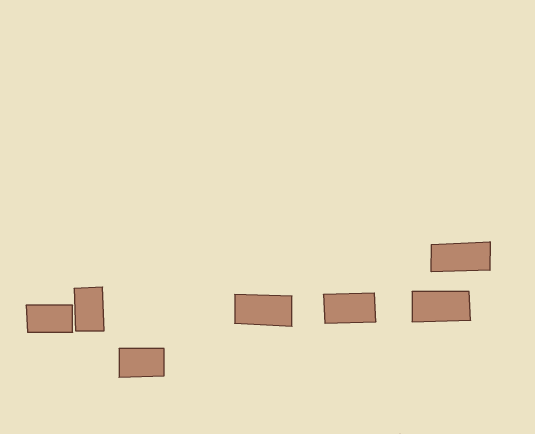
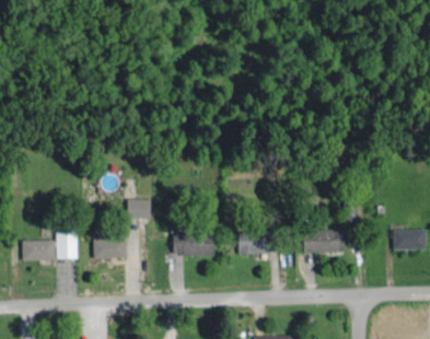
building: [431,242,490,272] -> none
building: none -> [128,199,152,219]
building: [119,349,164,377] -> [93,238,126,259]

